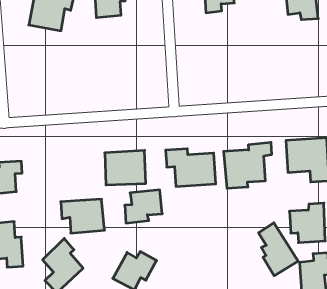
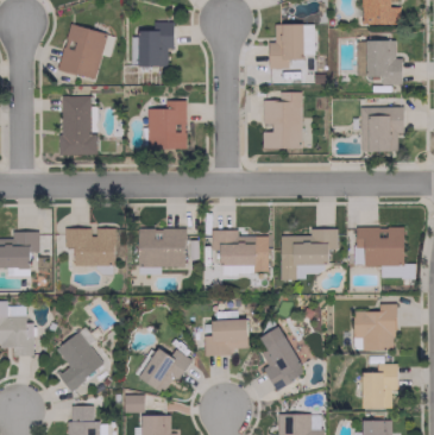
building: none -> [263,92,302,149]
building: none -> [360,107,404,152]
building: none -> [147,100,187,149]
building: none -> [61,96,98,156]
building: [125,190,162,223] -> [205,320,249,357]
building: [61,199,105,233] -> [65,228,115,266]
building: [259,223,298,276] -> [260,327,306,390]

